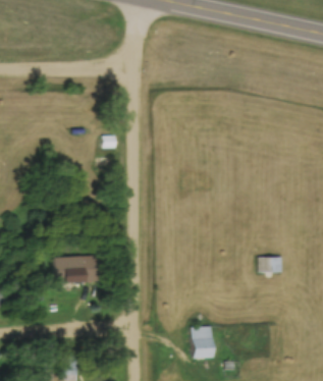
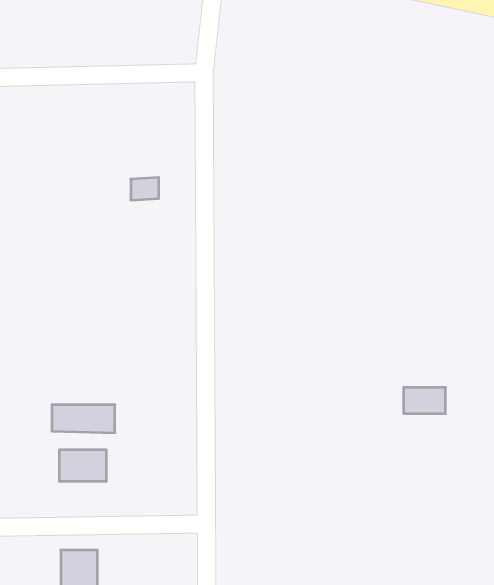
building: none -> [60,450,106,482]
building: [190,325,214,357] -> none

